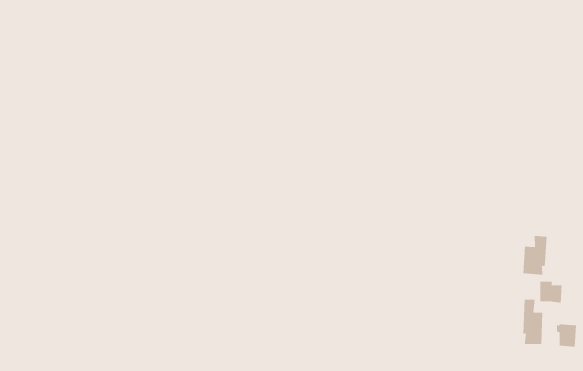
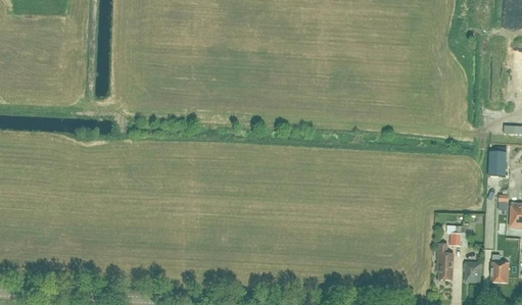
building: [523,235,547,276] -> none

